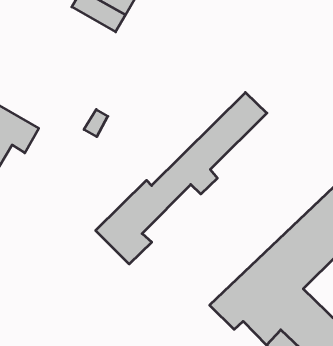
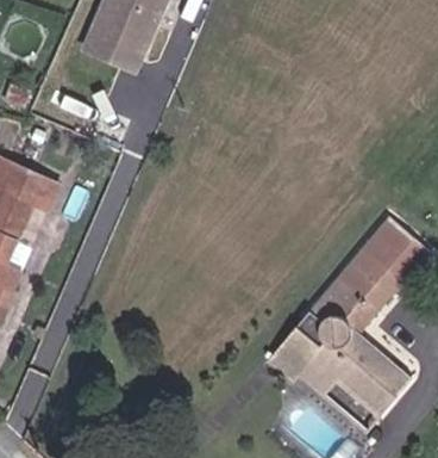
building: [96,92,267,264] -> none

